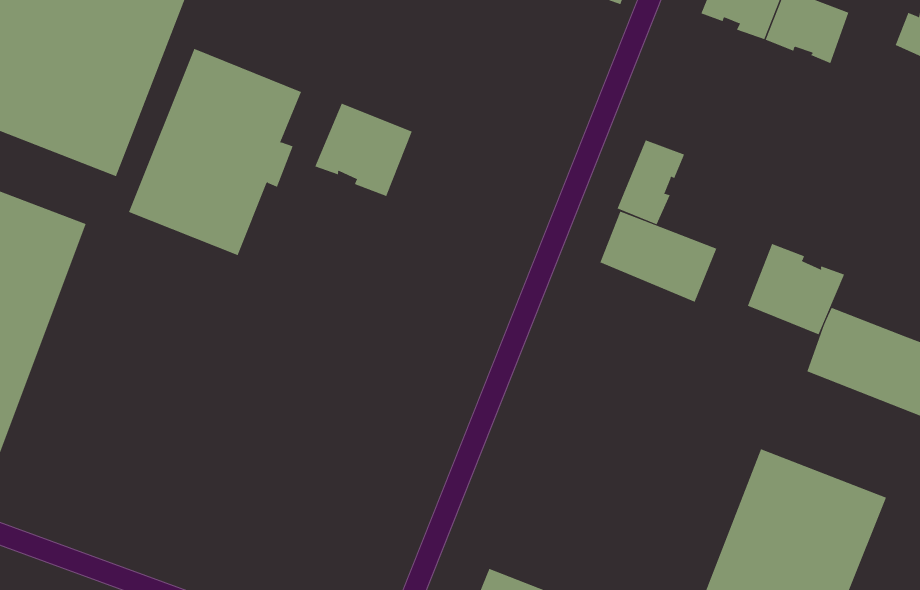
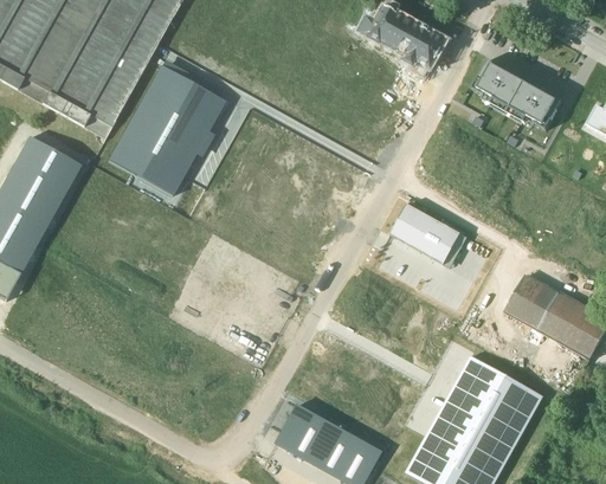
building: [314,103,412,197] -> none
building: [617,139,685,225] -> none
building: [747,243,845,335] -> none

